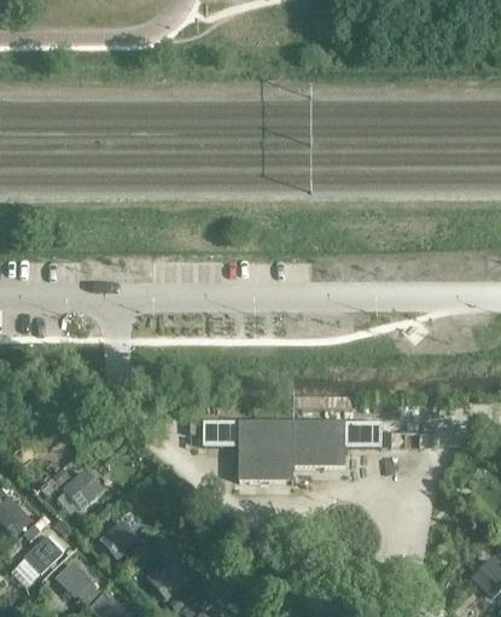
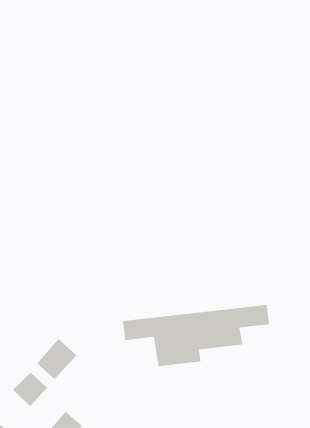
building: none -> [37,338,77,380]

